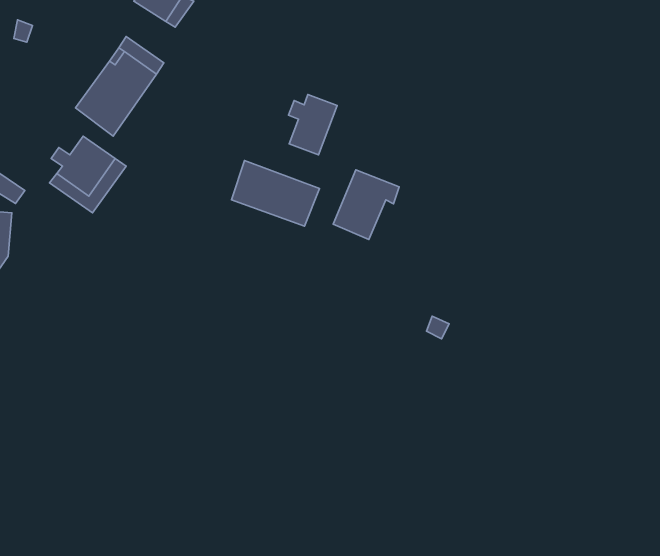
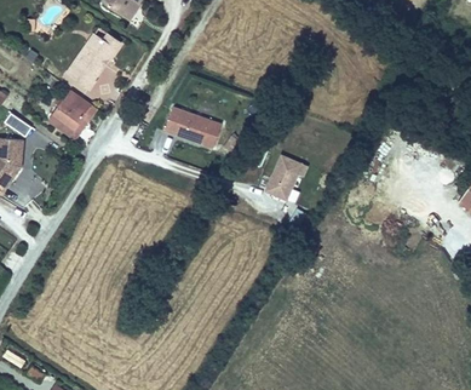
building: [289,95,337,155] -> none
building: [333,170,399,239] -> [265,155,308,200]

